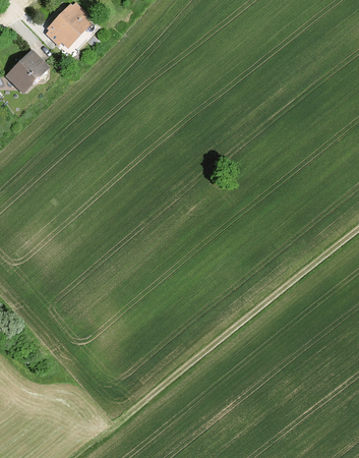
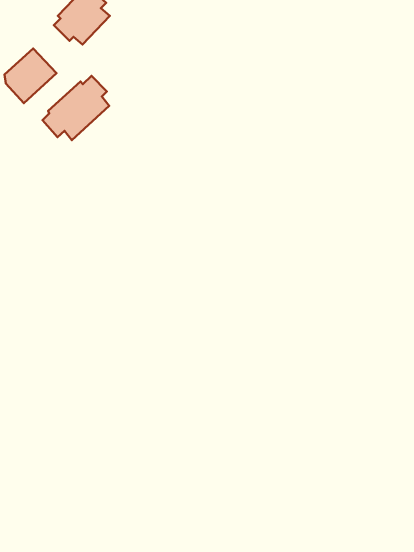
building: none -> [42,76,109,140]

